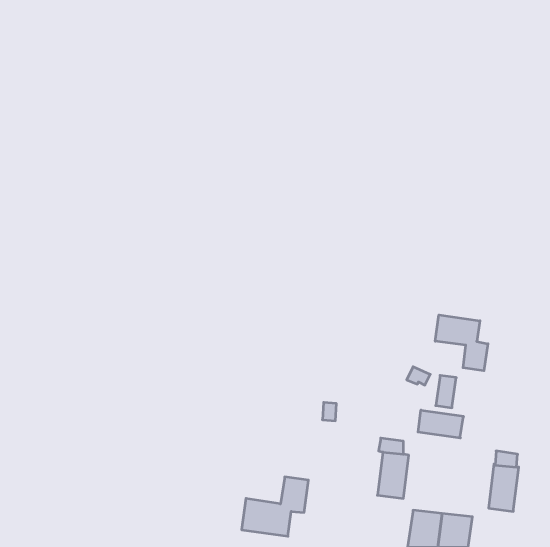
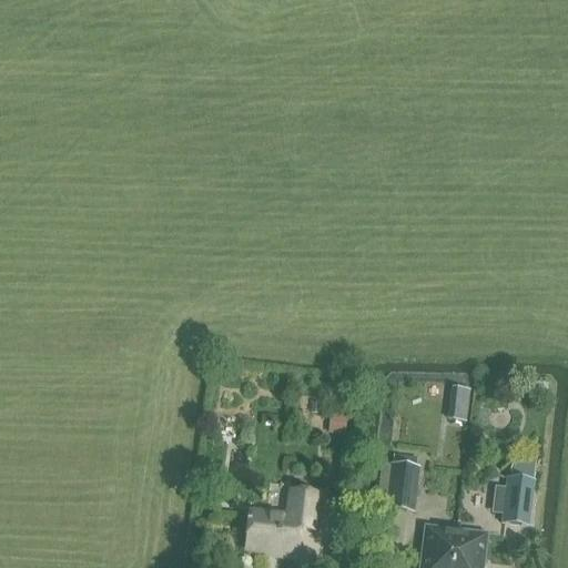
building: [435,315,488,371] -> none
building: [418,410,463,438] -> none

